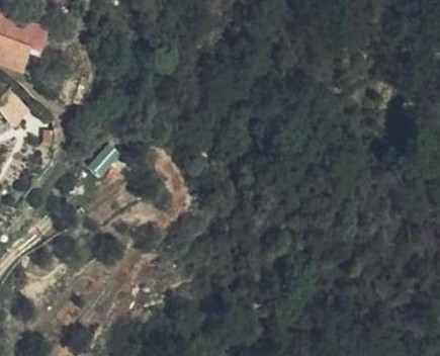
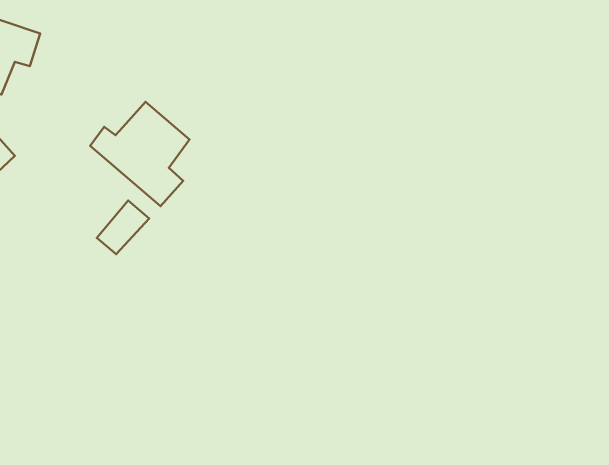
building: none -> [90,102,189,206]

